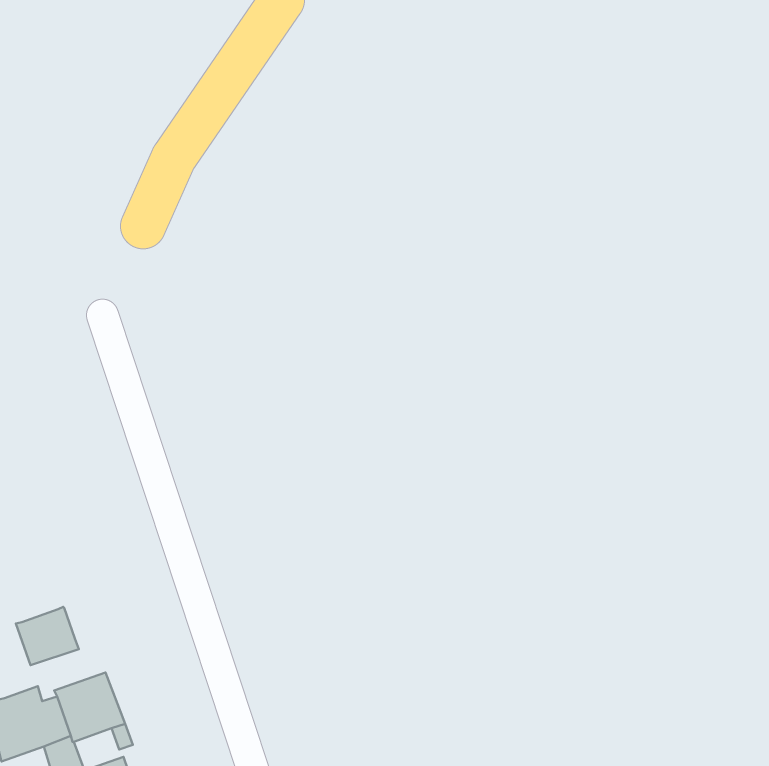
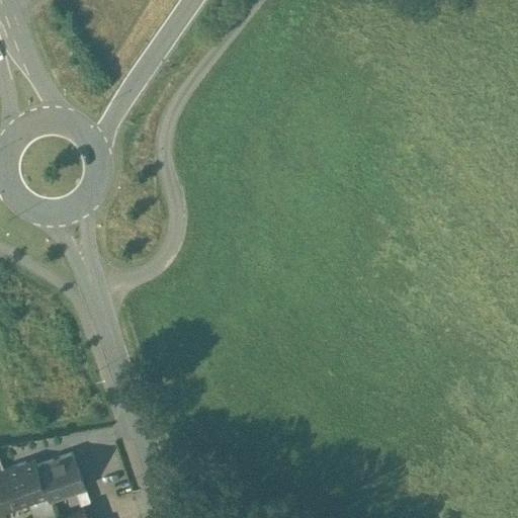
building: [16,607,79,665] -> none

